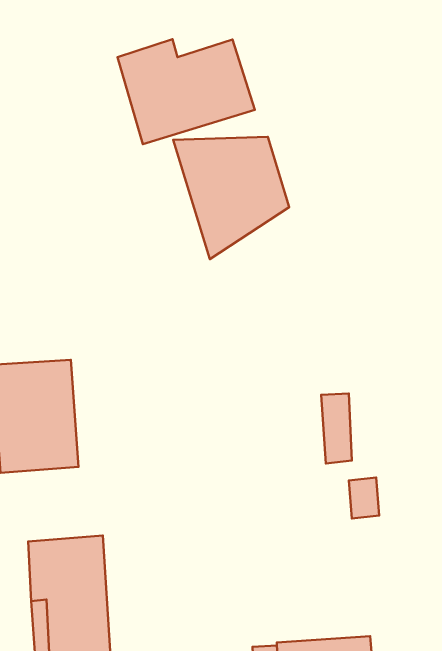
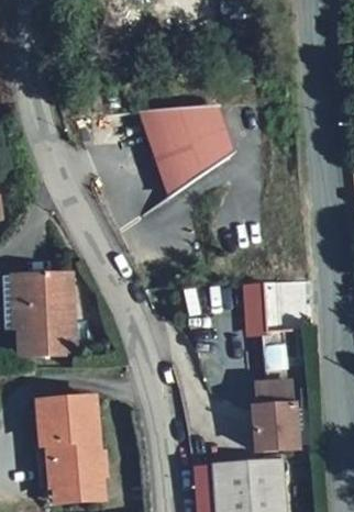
building: [117,39,255,144] -> none
building: none -> [256,387,299,454]

